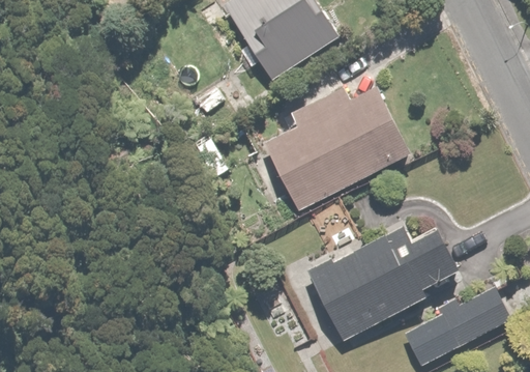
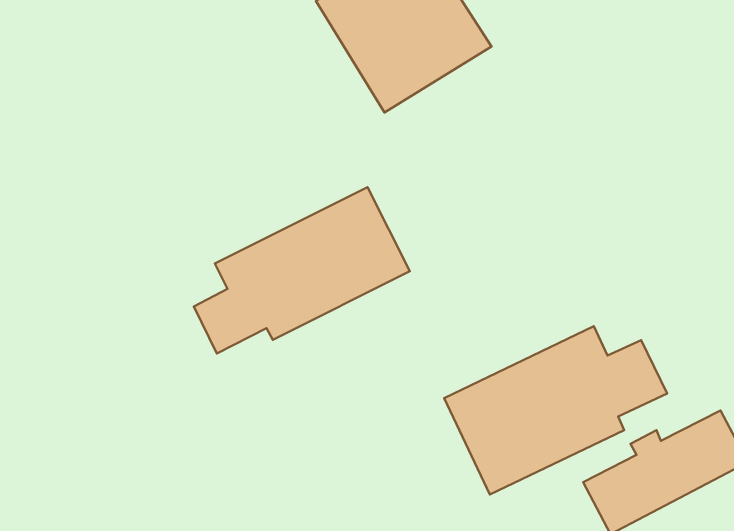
building: [265,88,411,207] -> none
building: none -> [194,187,410,353]

